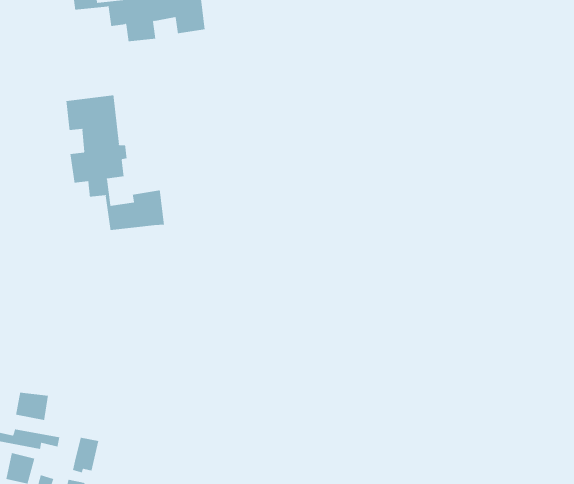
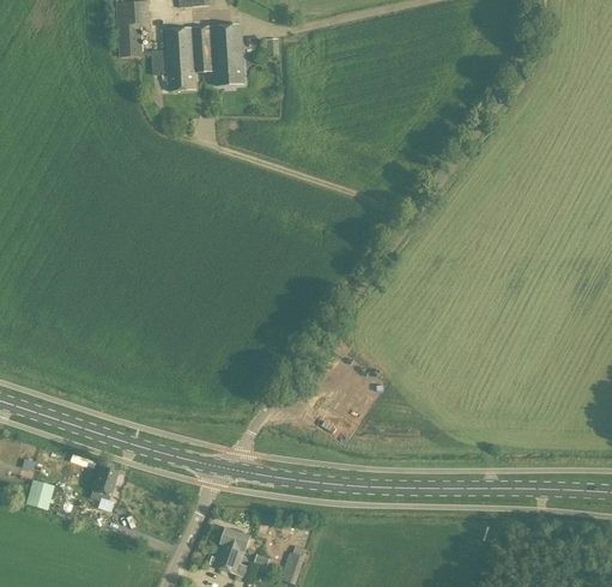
building: [66,94,164,231] -> none
building: [15,392,48,421] -> none

